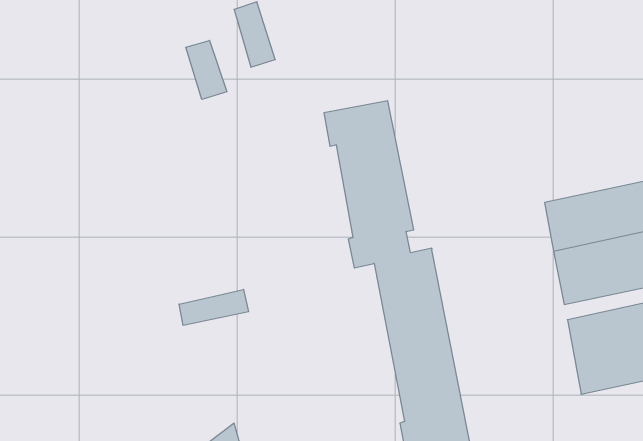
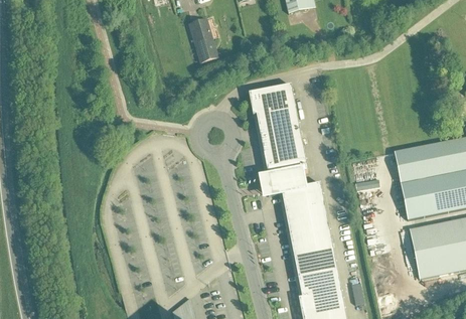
building: [186,40,227,99] -> none
building: [179,289,248,325] -> none

